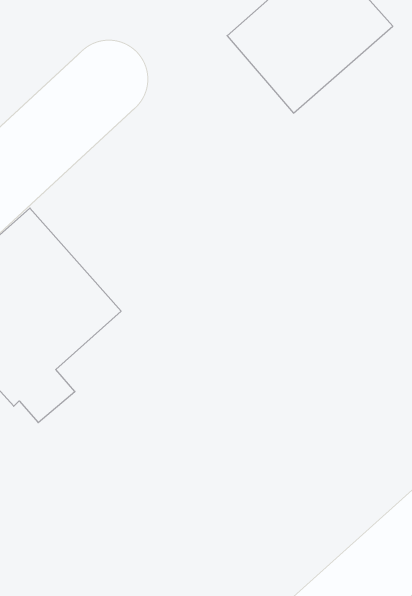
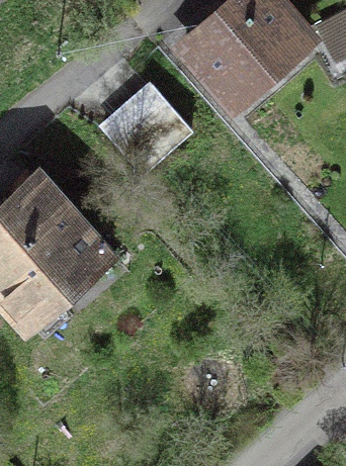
building: none -> [105,85,193,172]

